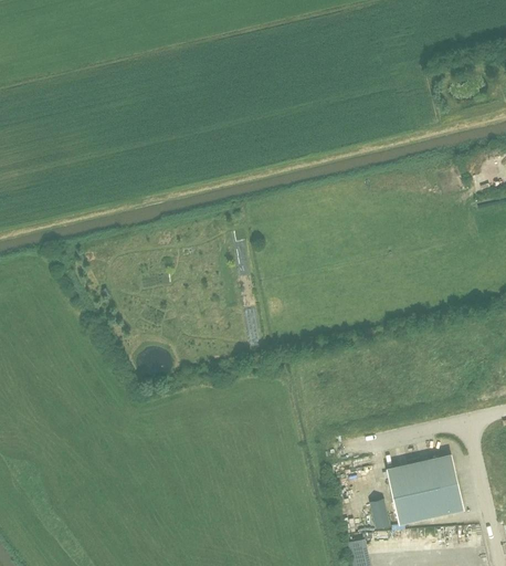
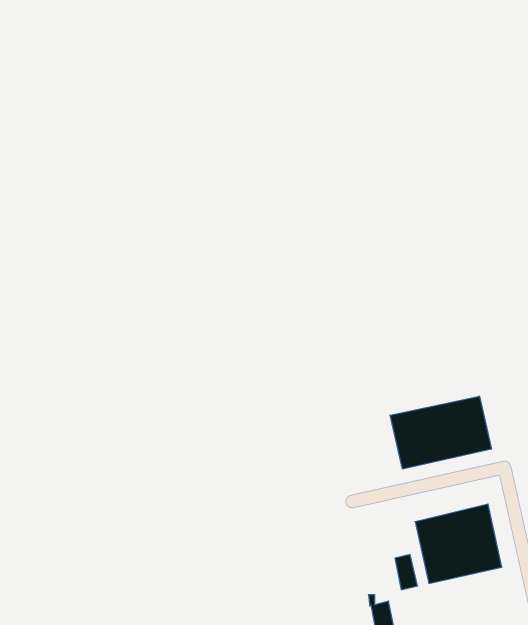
building: none -> [390,396,491,469]

